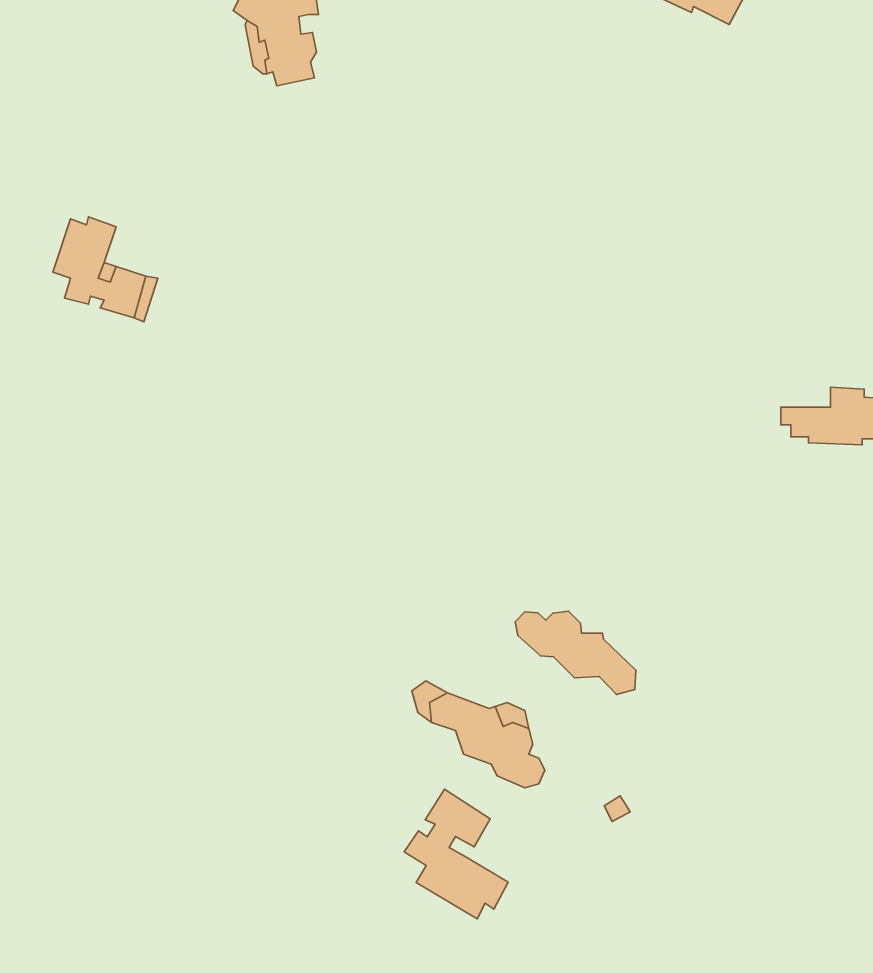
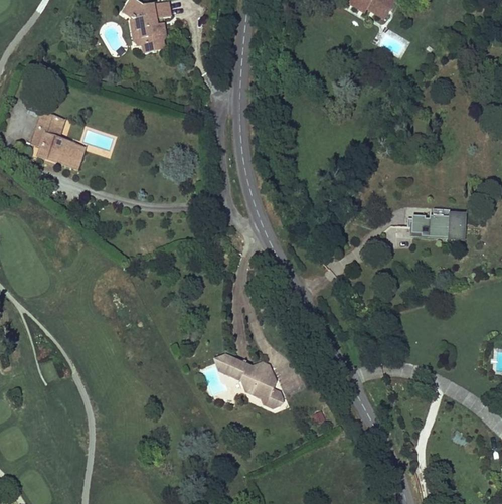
building: [515,611,636,695] -> none
building: [404,789,508,919] -> none

